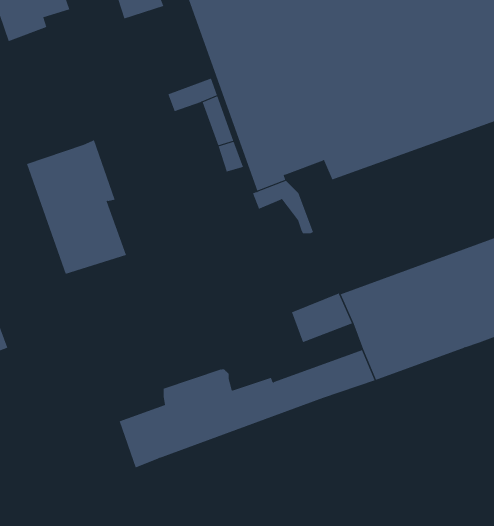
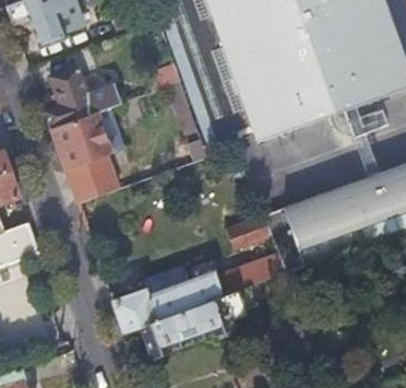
building: none -> [45,67,120,128]
building: none -> [141,285,258,355]

